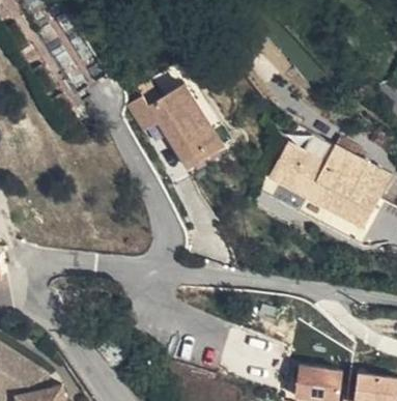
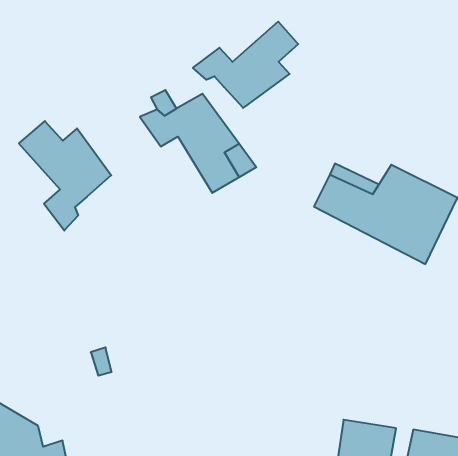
building: none -> [193,22,298,108]
building: none -> [19,121,111,231]

